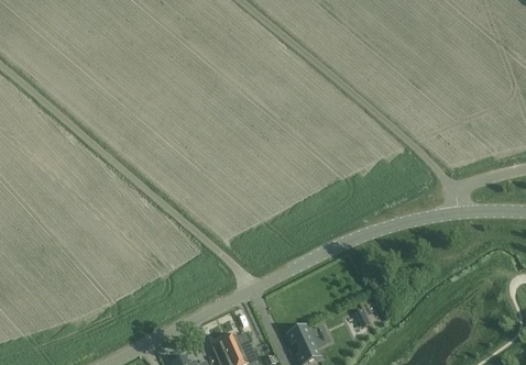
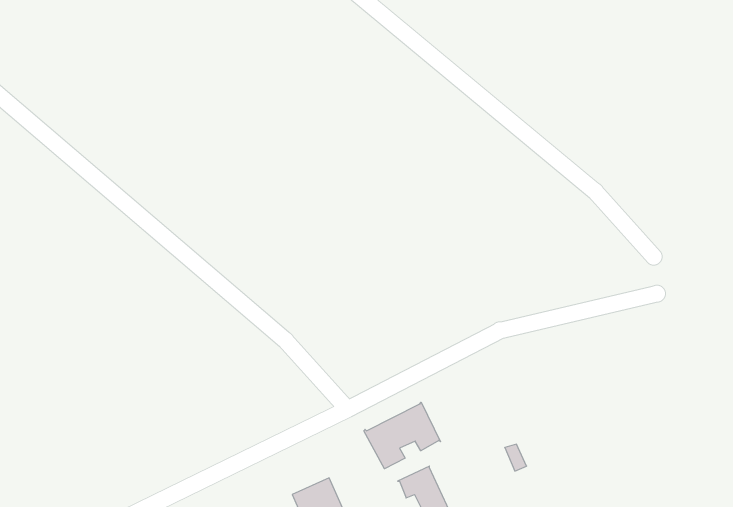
building: none -> [364,402,440,469]

